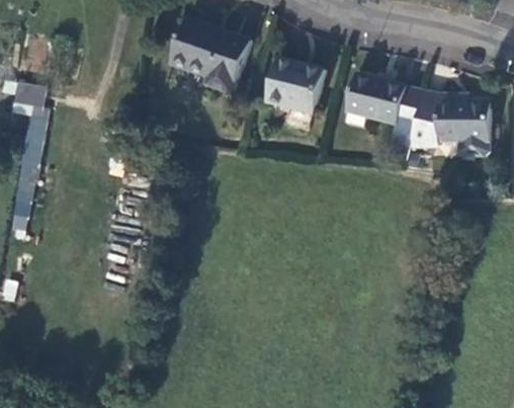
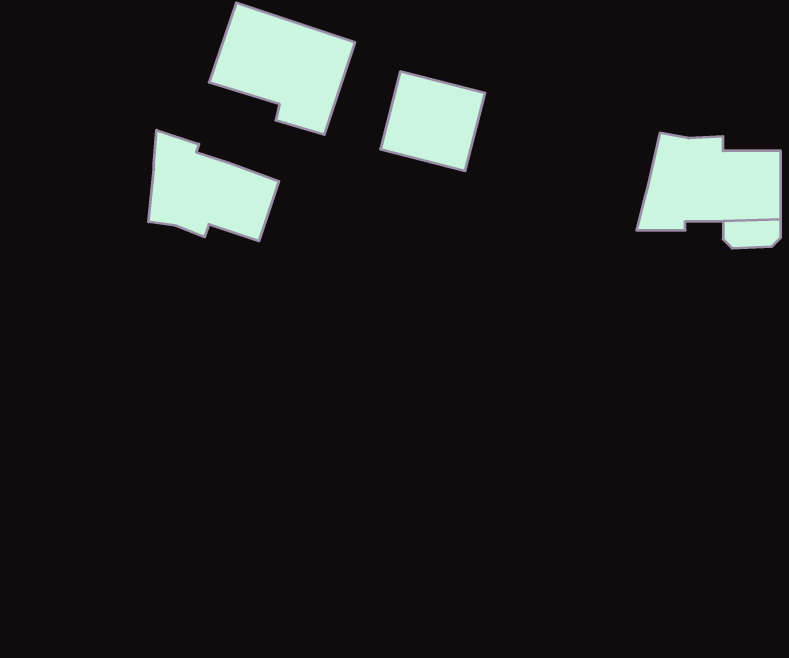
building: [343,72,422,126] -> none
building: none -> [149,130,279,241]

